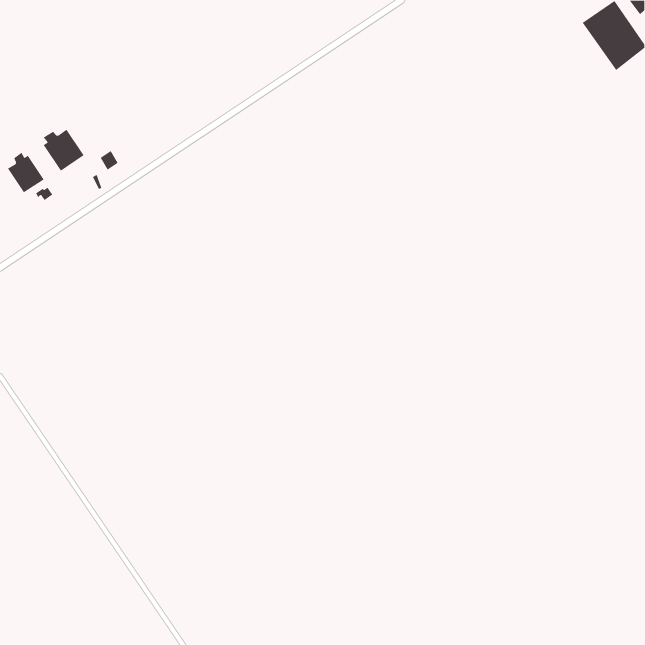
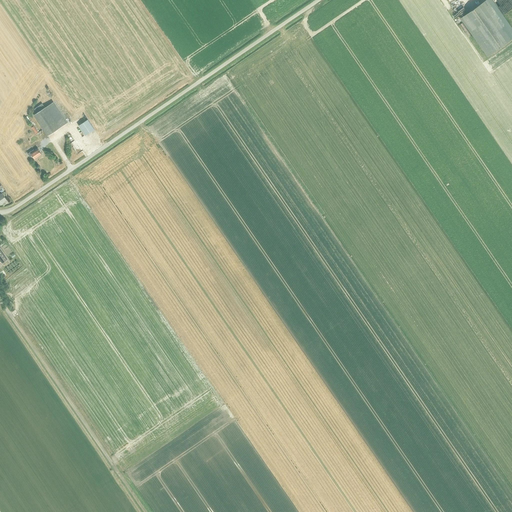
building: [7,152,44,193] -> none

